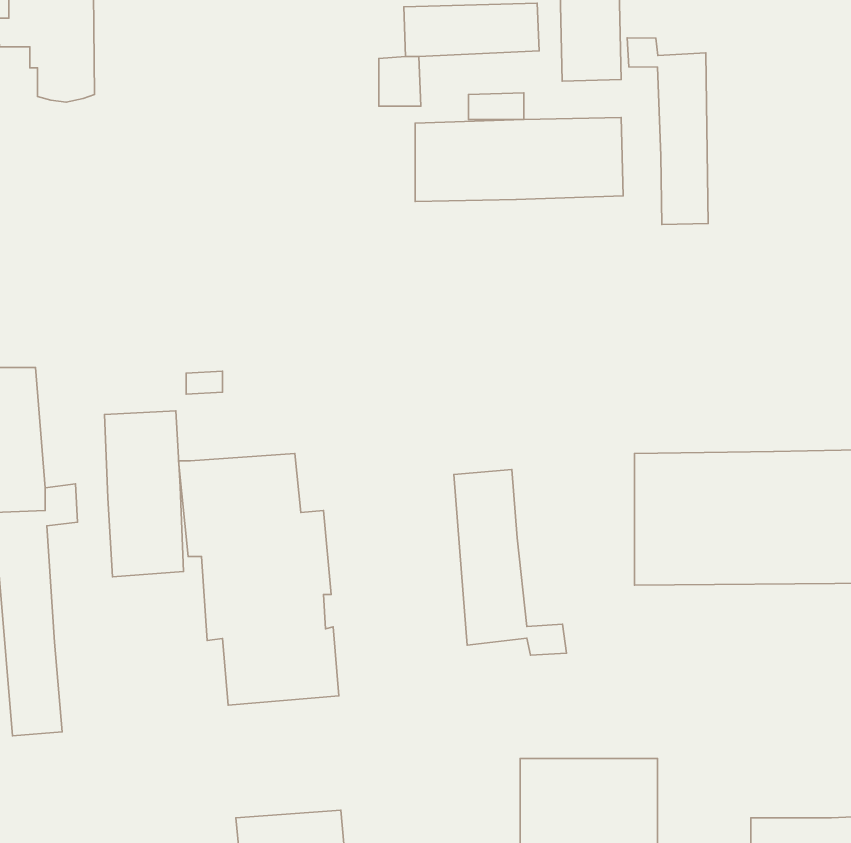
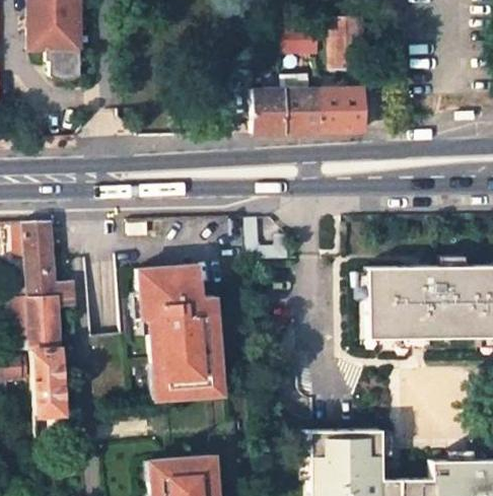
building: [627,38,708,225] -> none
building: [104,411,184,577] -> none
building: [454,469,566,655] -> none

